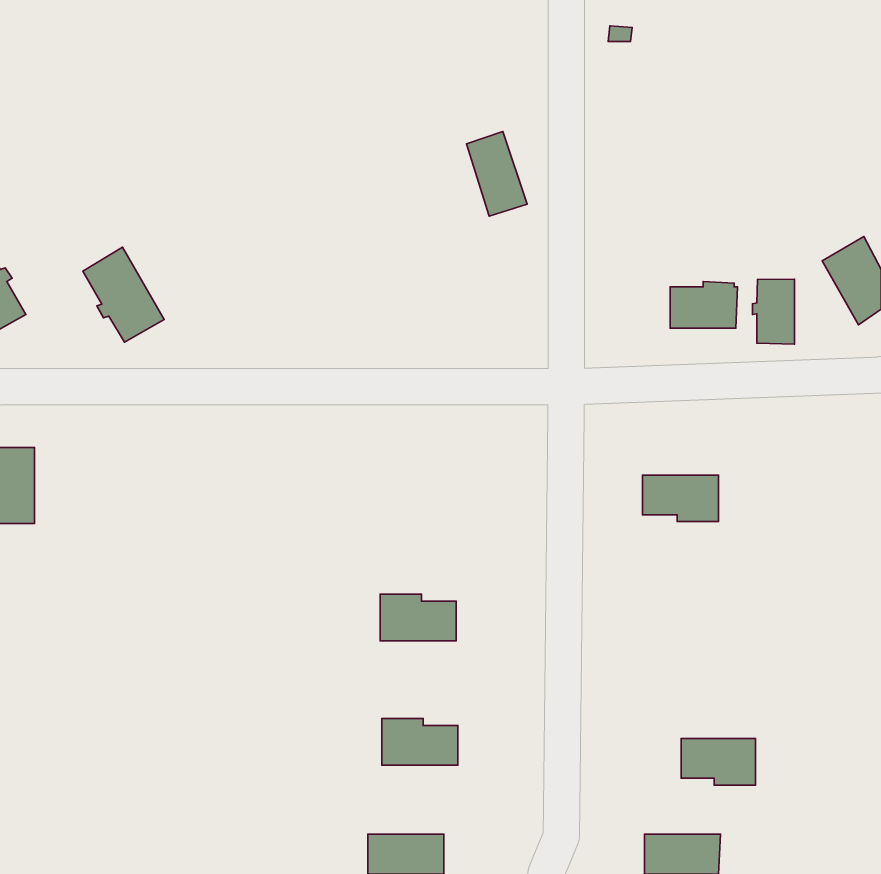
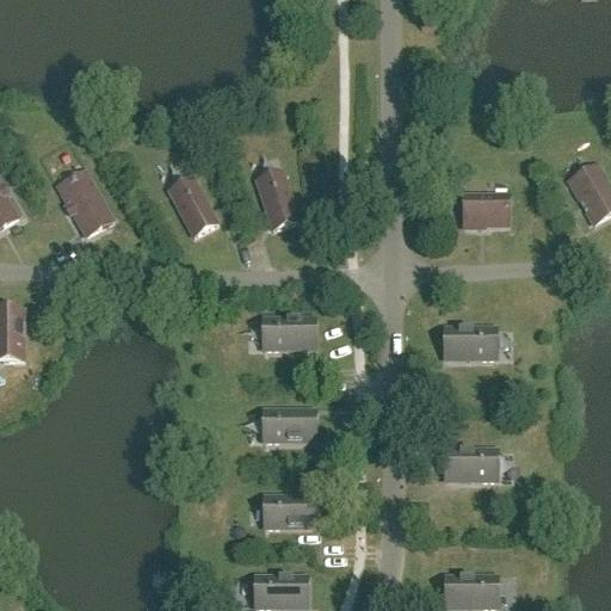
building: [467,132,527,216] -> [257,172,298,230]
building: none -> [168,178,217,237]
building: [753,279,794,344] -> none
building: none -> [263,317,315,351]
building: [681,739,755,785] -> [445,450,496,482]

